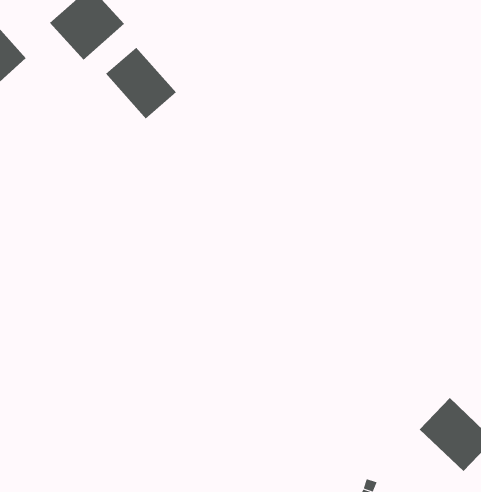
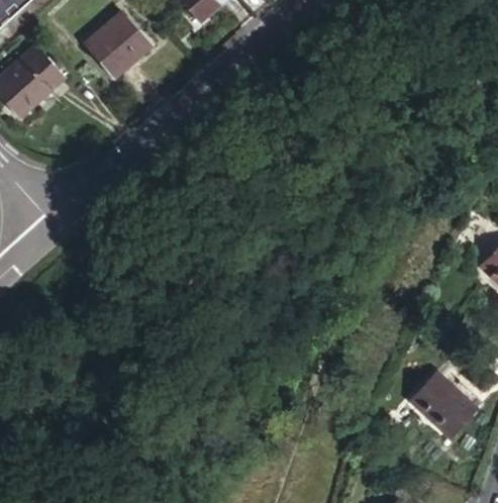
building: [105,47,177,119] -> none

